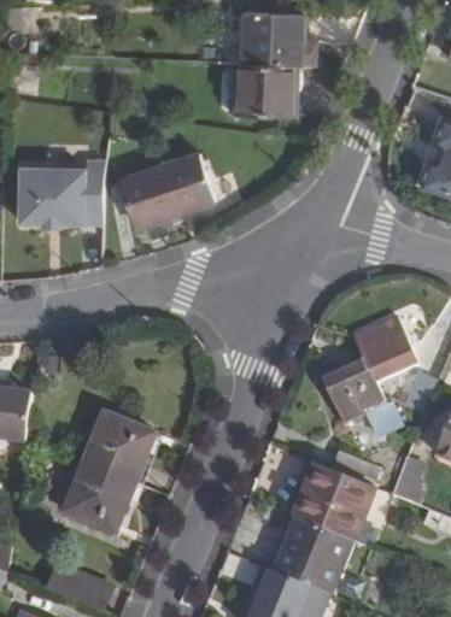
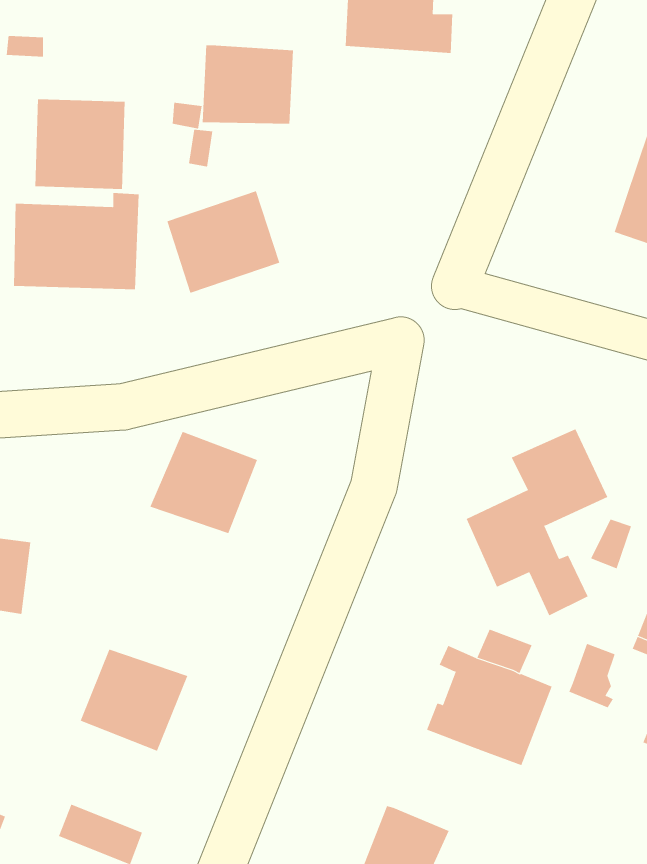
building: [235,61,297,114] -> [202,45,294,124]
building: none -> [35,98,125,190]
building: [83,413,156,482] -> [150,431,258,534]
building: [274,518,351,593] -> none

